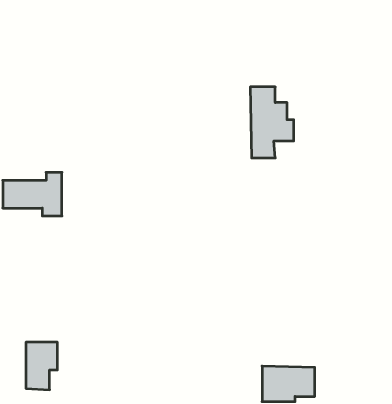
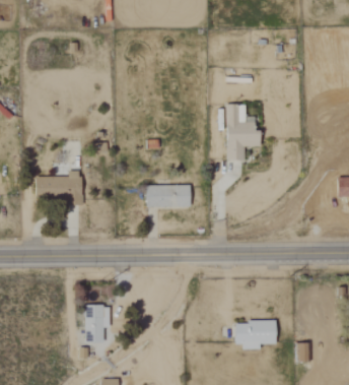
building: none -> [146,185,191,207]
building: [26,342,57,390] -> [86,306,111,342]

